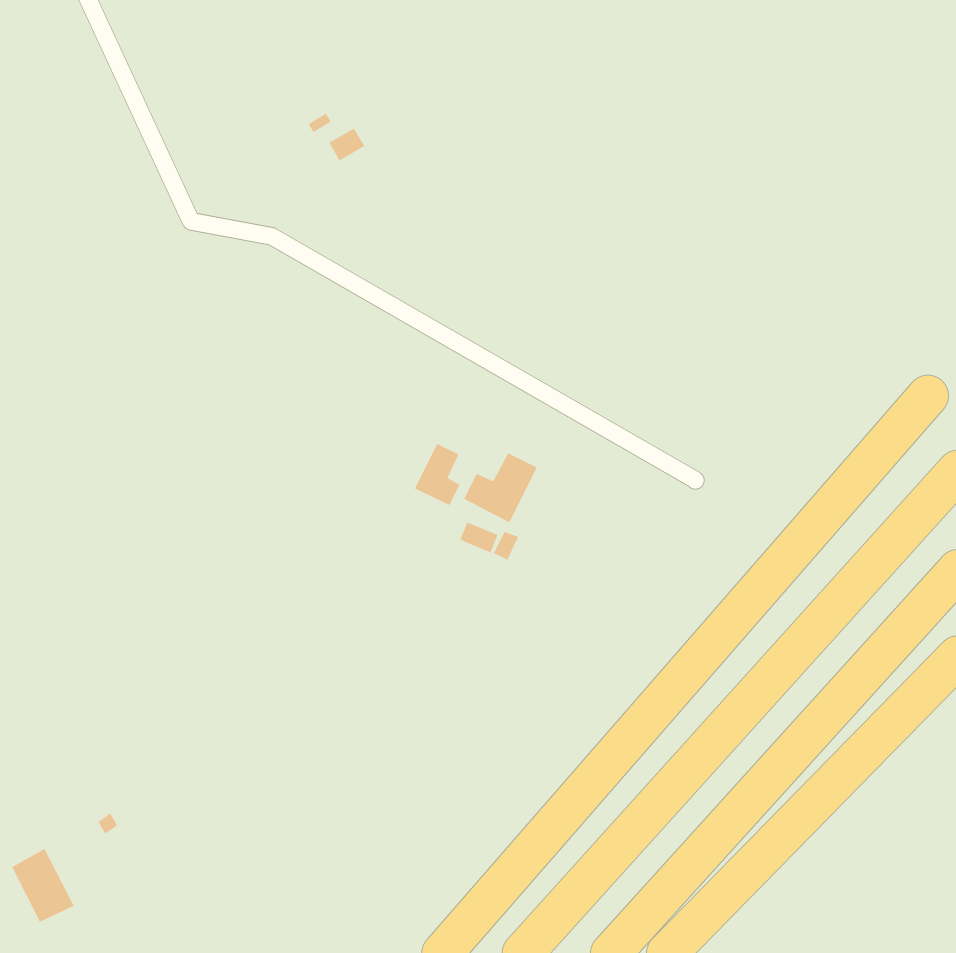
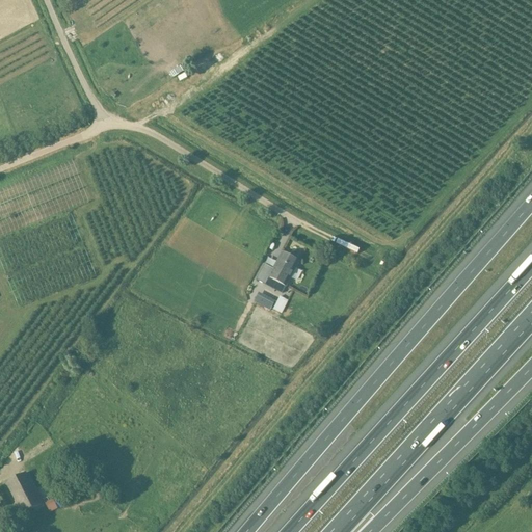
building: [414,443,461,506] -> none

